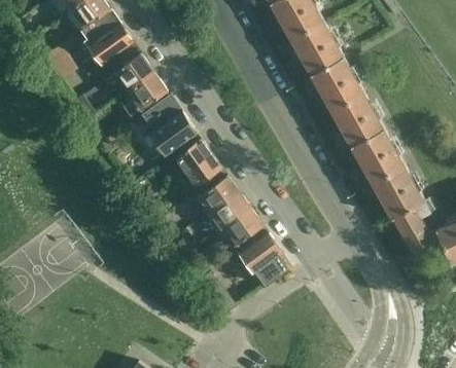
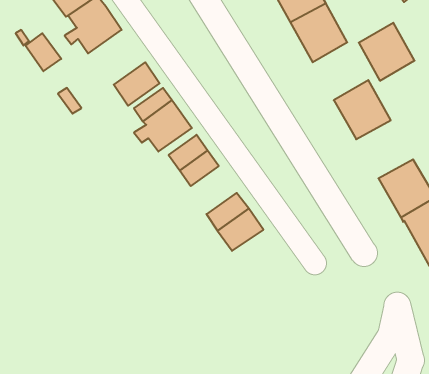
building: [112,53,153,93] -> none
building: [308,53,359,107] -> [359,23,415,81]
building: [348,125,400,179] -> none
building: [199,176,238,212] -> none
building: [238,231,289,286] -> none

